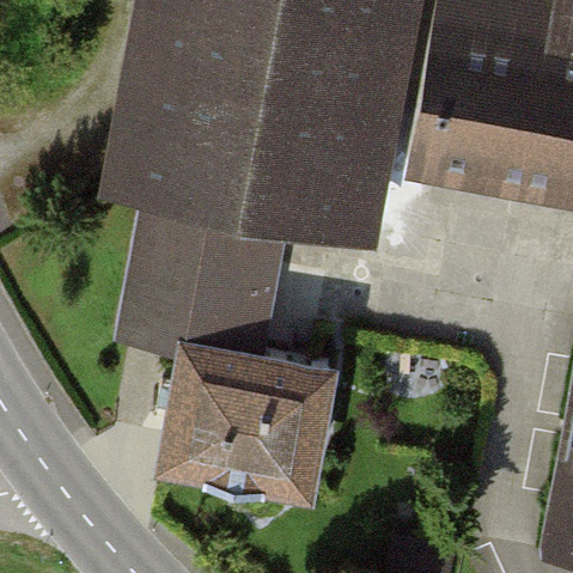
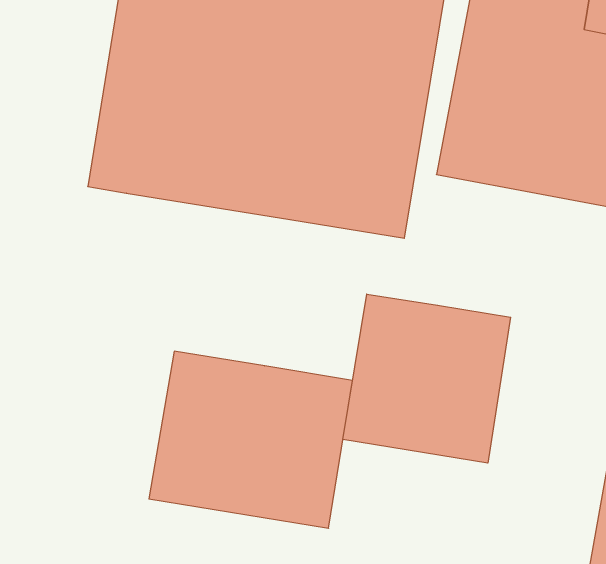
building: [114,188,282,343] -> none
building: none -> [343,294,511,463]

